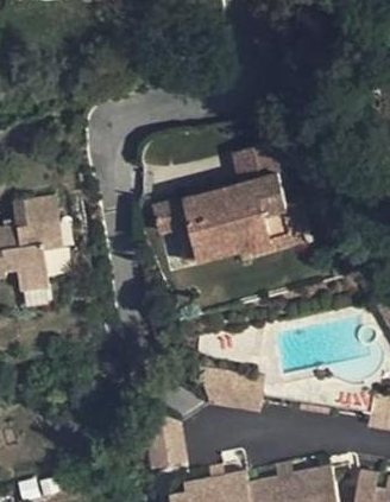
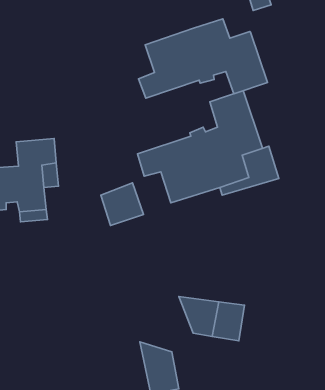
building: none -> [139,19,267,98]
building: none -> [101,183,143,226]

